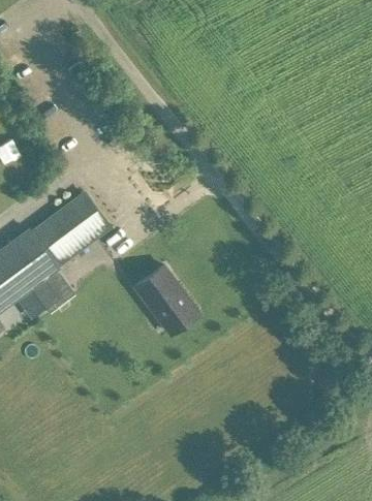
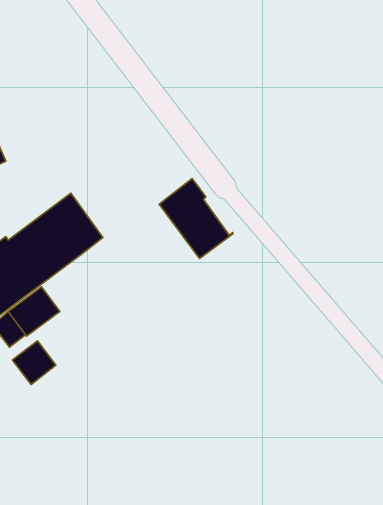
building: [136,265,198,333] -> [159,178,233,258]
building: none -> [12,341,56,384]

